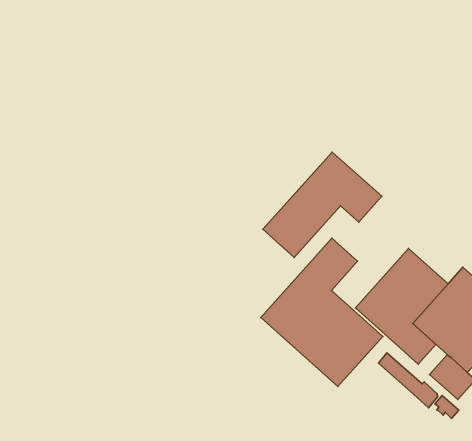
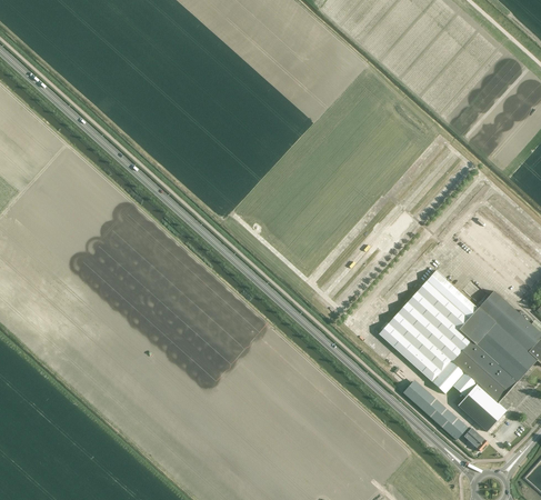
building: [263,152,382,257] -> none
building: [261,238,383,387] -> none

